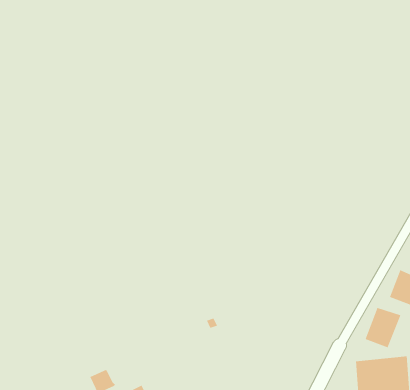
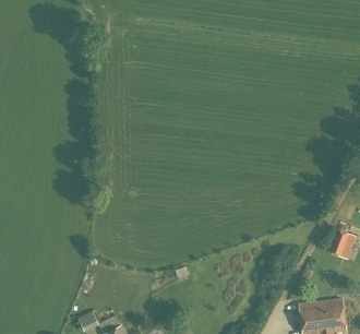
building: [365,307,401,348] -> none

